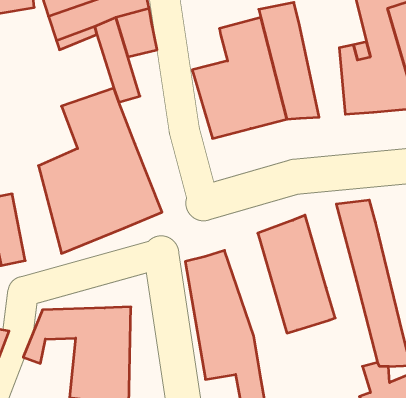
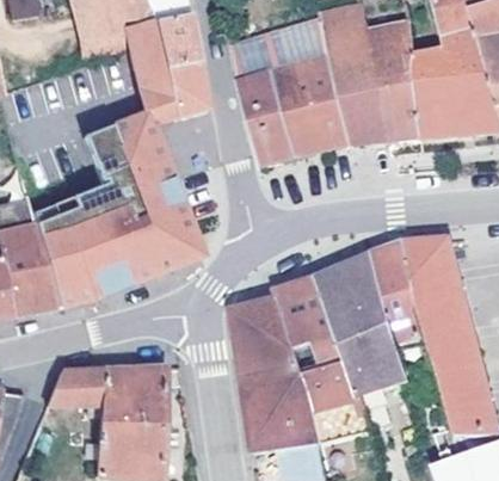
building: none -> [366,19,421,140]
building: none -> [234,41,282,84]
building: none -> [164,60,208,115]
building: none -> [24,197,85,309]
building: none -> [374,242,435,341]
building: none -> [276,277,372,442]

